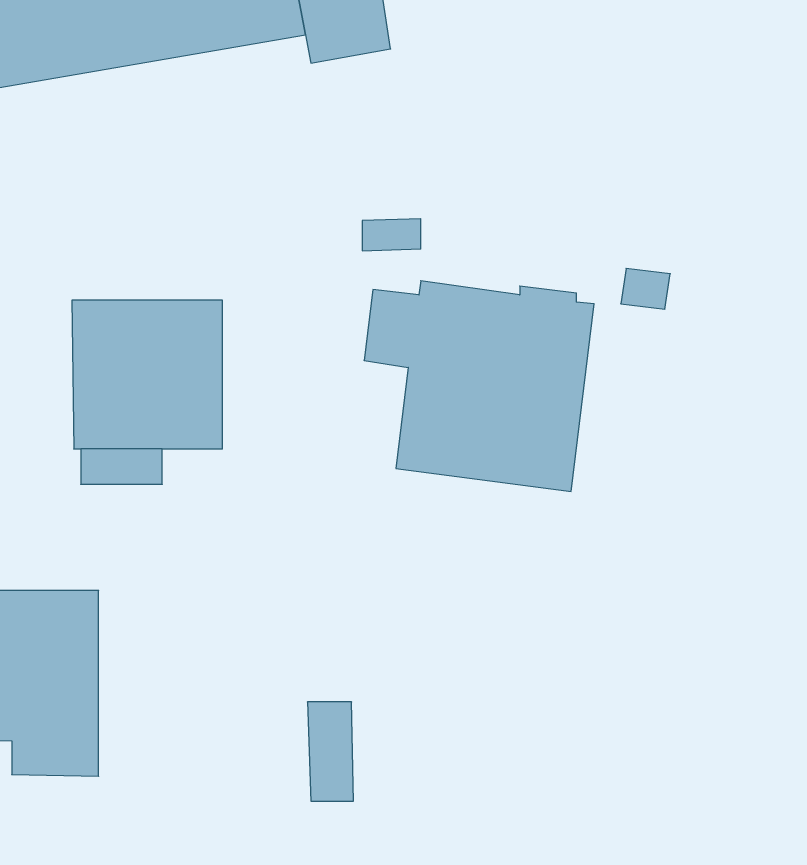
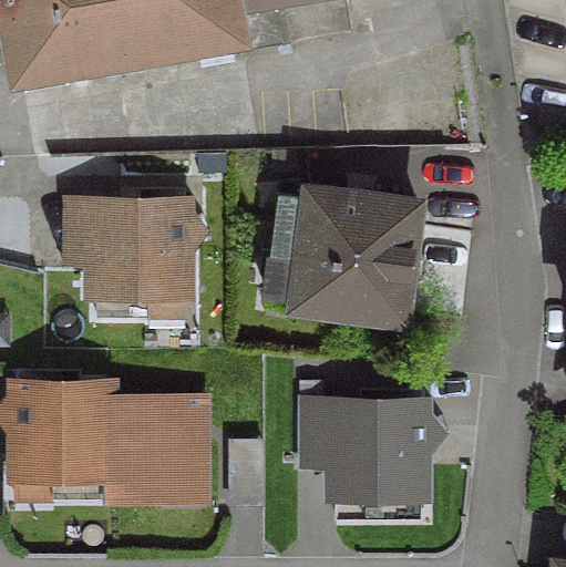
building: none -> [105,383,199,499]
building: none -> [329,402,422,518]

